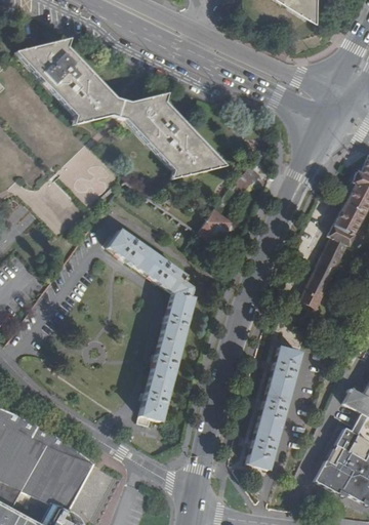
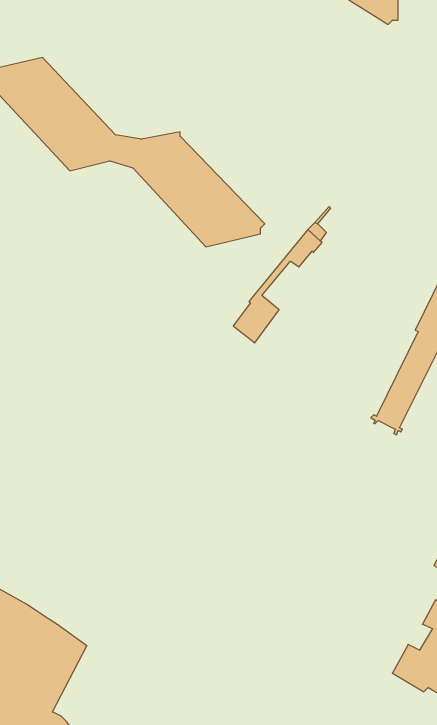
building: [108,230,195,427] -> none
building: [249,347,305,470] -> none

